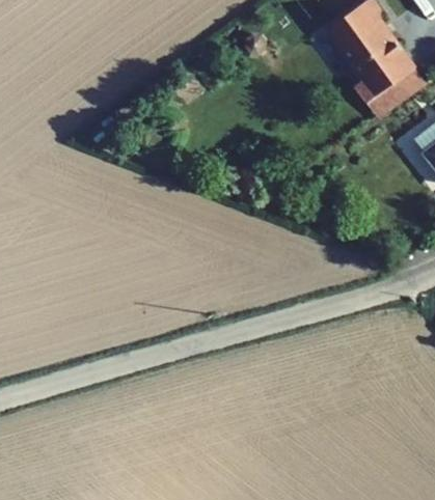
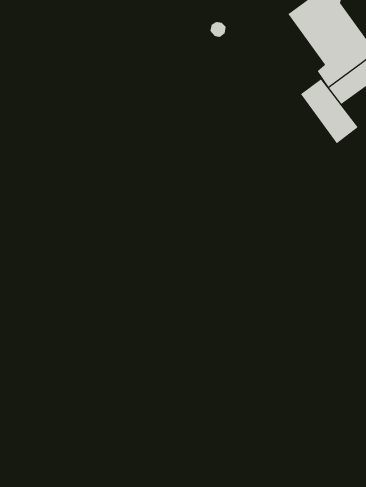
building: none -> [300,79,358,144]

